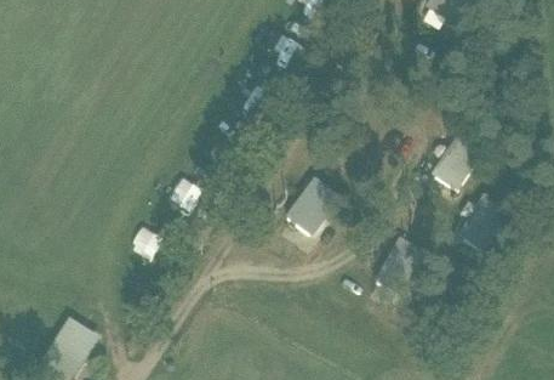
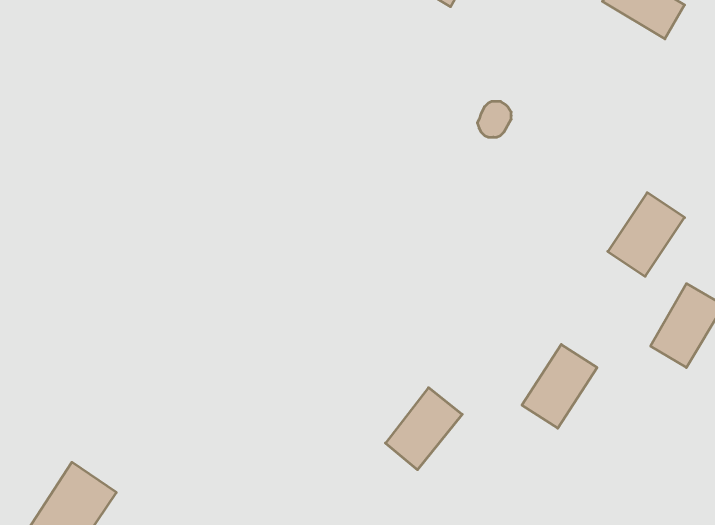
building: [285,178,337,234] -> [385,388,462,470]

